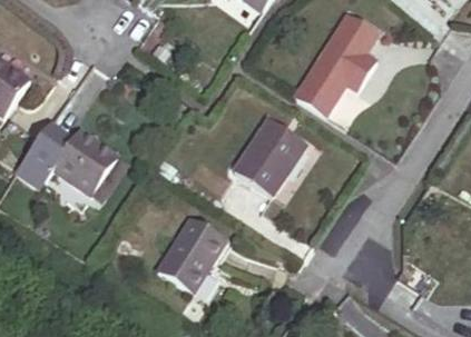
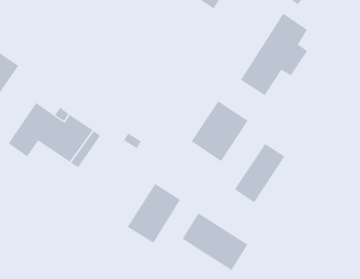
building: none -> [234,143,285,203]
building: none -> [182,213,248,271]

